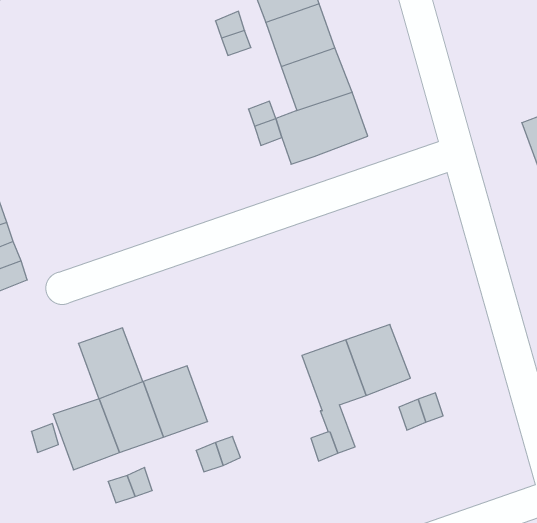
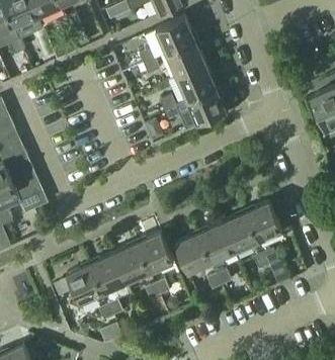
building: none -> [245,201,281,241]
building: [78,328,143,399] -> [137,233,173,272]
building: none -> [174,233,212,273]

